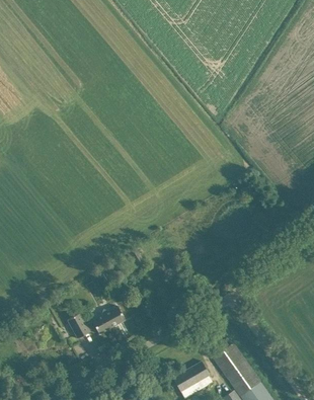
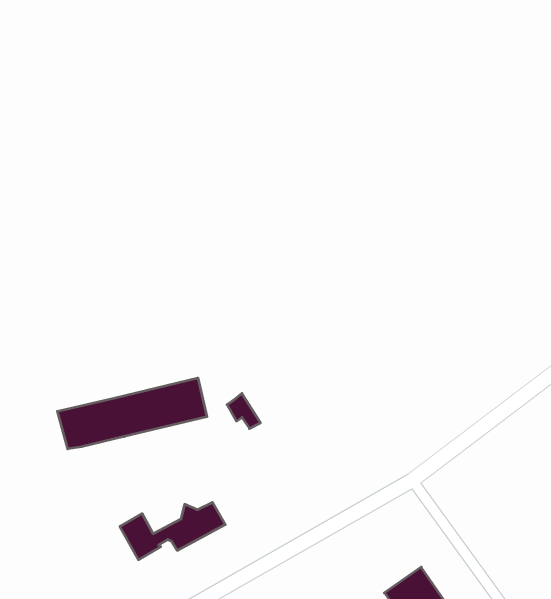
building: none -> [57,378,207,449]

